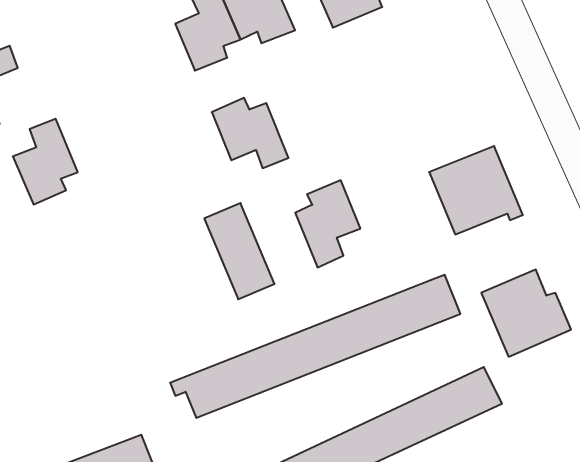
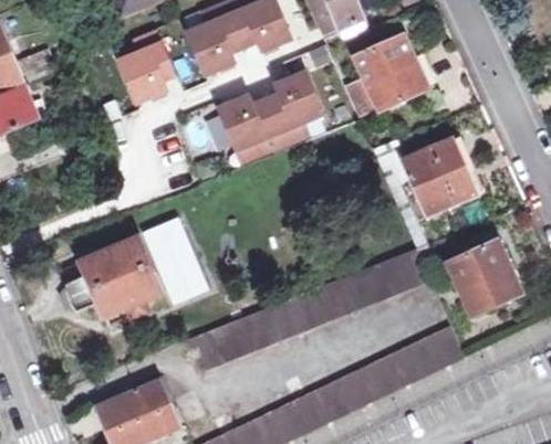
building: none -> [354,36,432,109]
building: [13,119,78,205] -> [118,30,174,103]
building: [295,180,360,267] -> [264,74,320,148]
building: [204,203,275,299] -> [144,225,204,307]
building: none -> [58,237,158,320]

